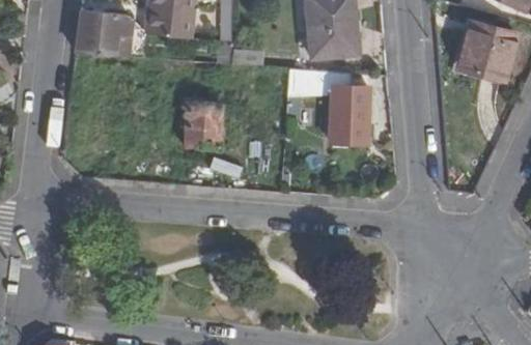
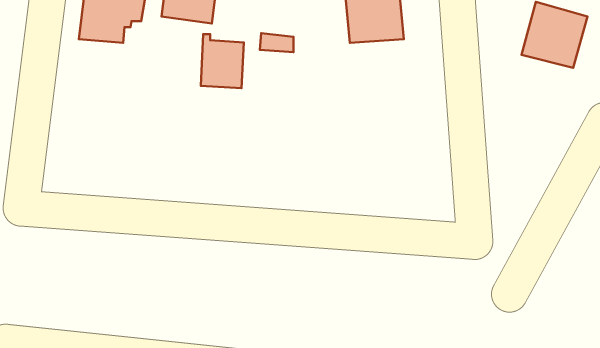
building: [324,71,367,144] -> none
building: [185,103,222,149] -> [201,34,244,88]

